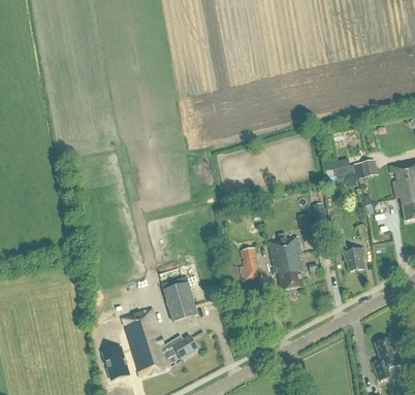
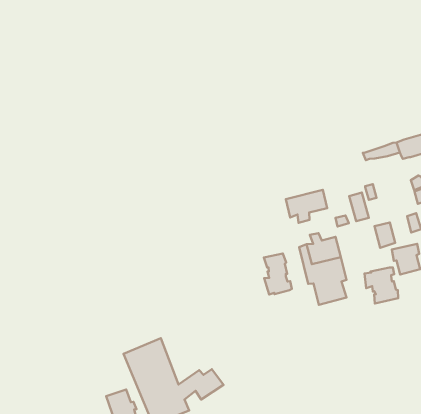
building: none -> [286,190,327,223]
building: none -> [365,268,398,304]
building: [158,267,197,321] -> none

